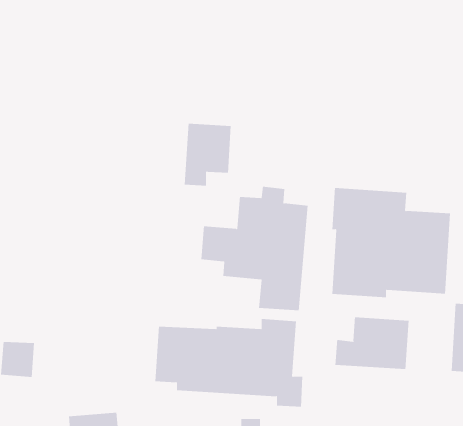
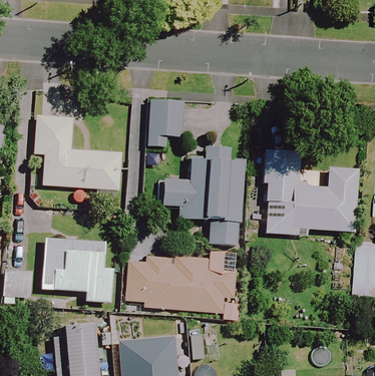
building: none -> [33,115,119,191]
building: none -> [40,239,110,303]
building: [335,316,409,370] -> none

